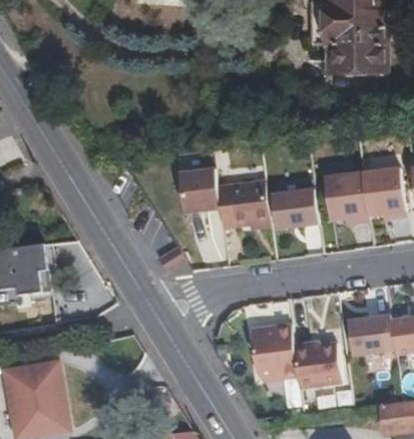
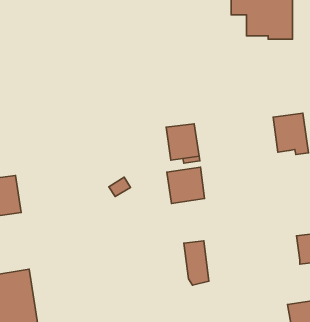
building: [181,169,220,212] -> none
building: [325,171,368,223] -> none
building: [271,183,318,229] -> [167,167,205,204]
building: [348,315,395,355] -> none
building: [294,342,341,387] -> none

